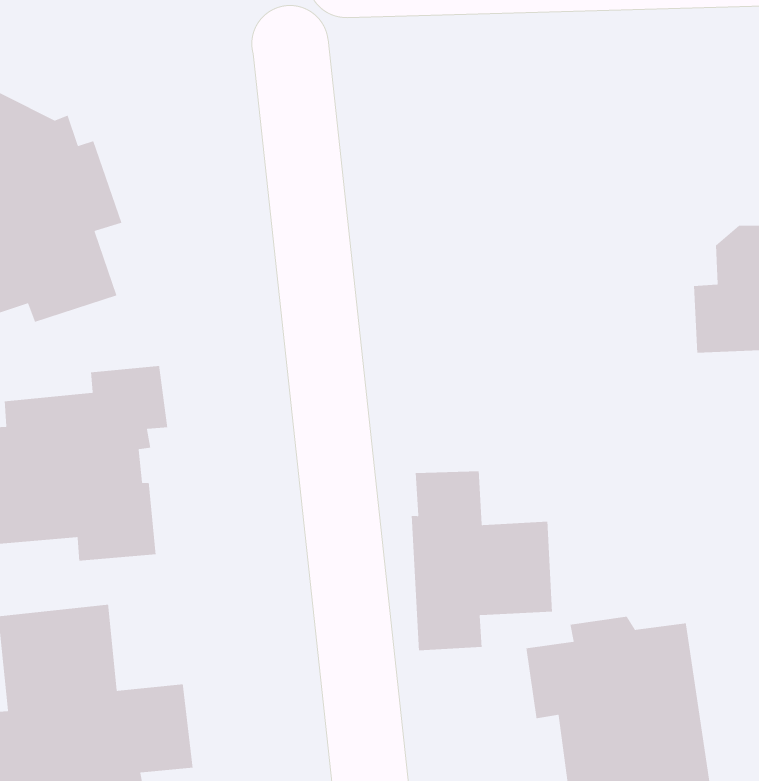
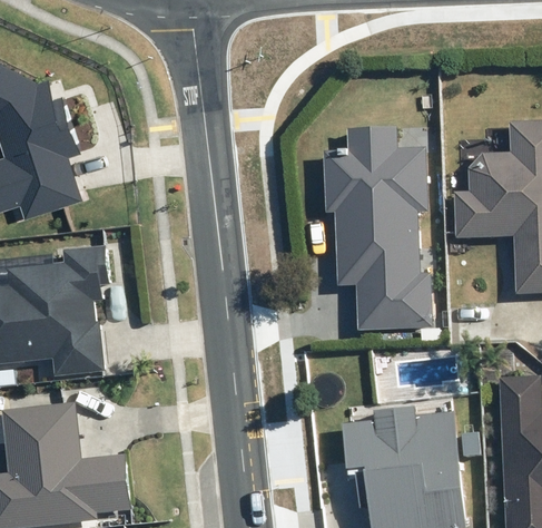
building: none -> [321,126,431,327]
building: [411,470,553,651] -> none

